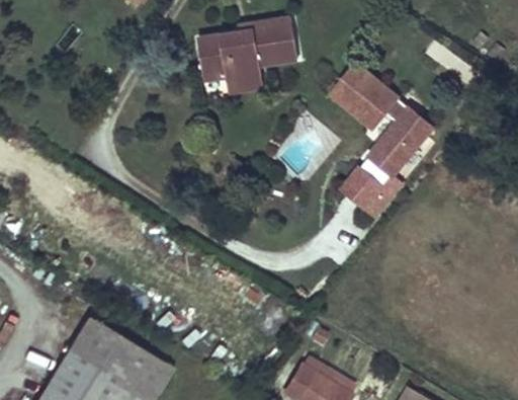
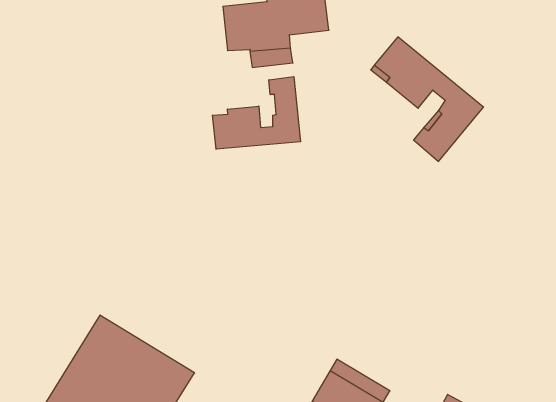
building: none -> [212,77,300,149]
building: [345,169,385,209] -> none

